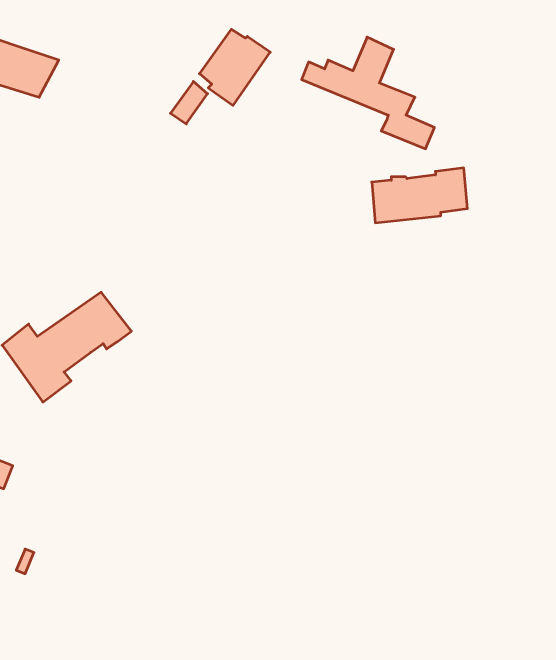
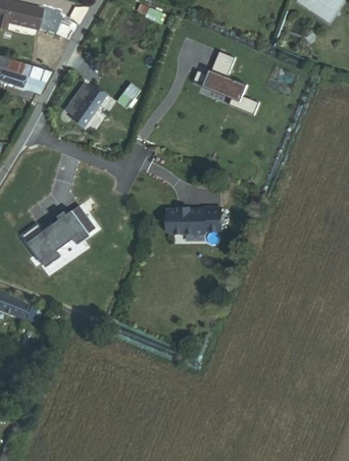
building: [199,29,270,105] -> [65,84,106,127]
building: [372,168,467,223] -> [171,203,227,235]

